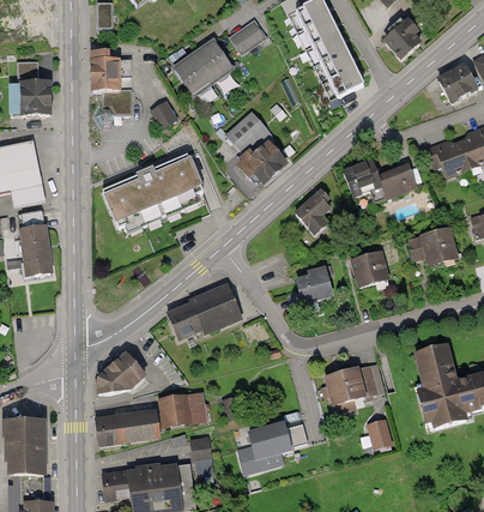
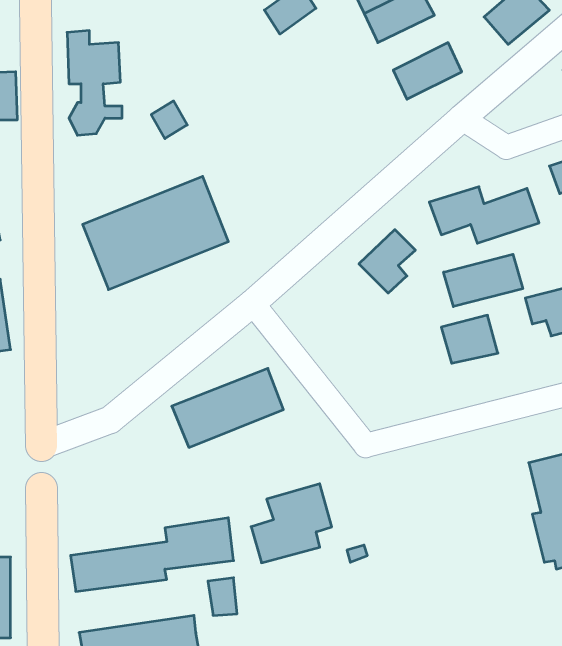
building: [173,40,230,103] -> none
building: [308,41,357,79] -> none
building: [226,110,289,182] -> none
building: none -> [444,254,523,307]
building: [295,270,335,301] -> none
building: [101,351,147,392] -> none
building: [327,363,382,403] -> none
building: [364,416,391,447] -> none
building: [235,417,291,472] -> [251,484,332,563]

